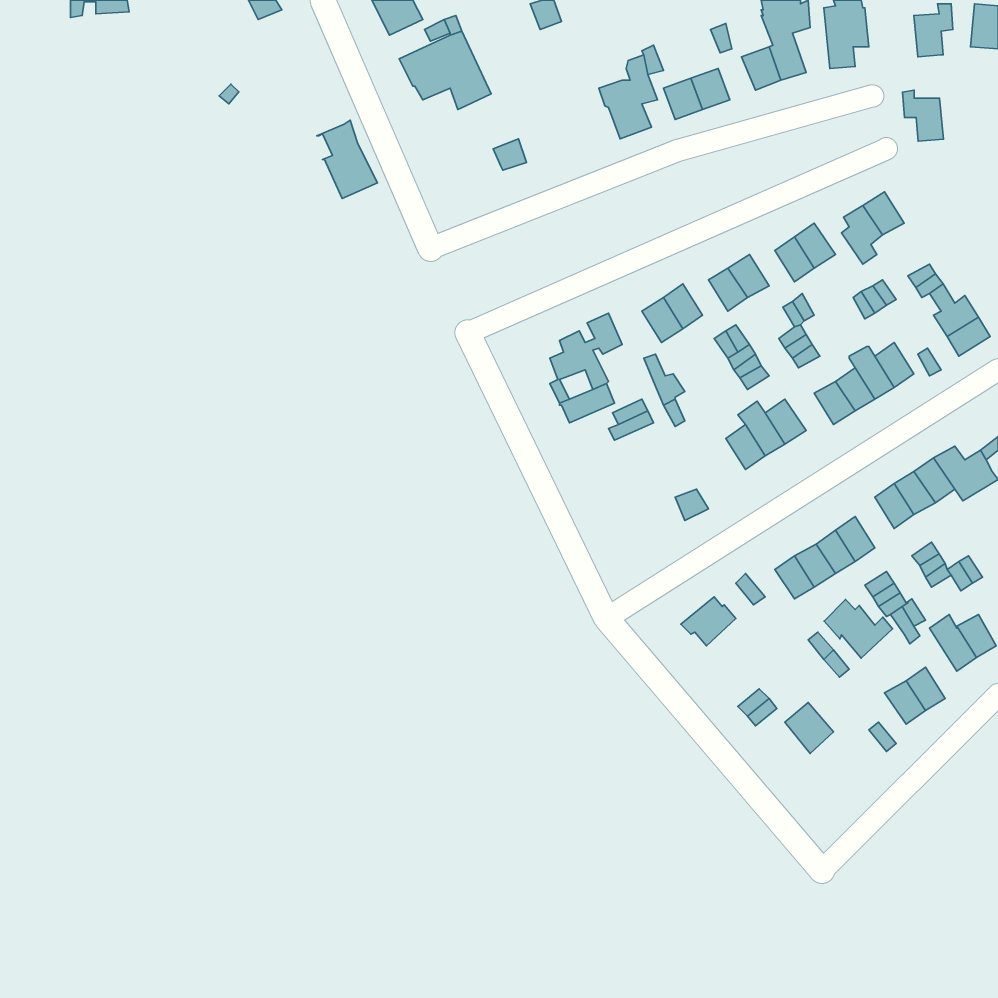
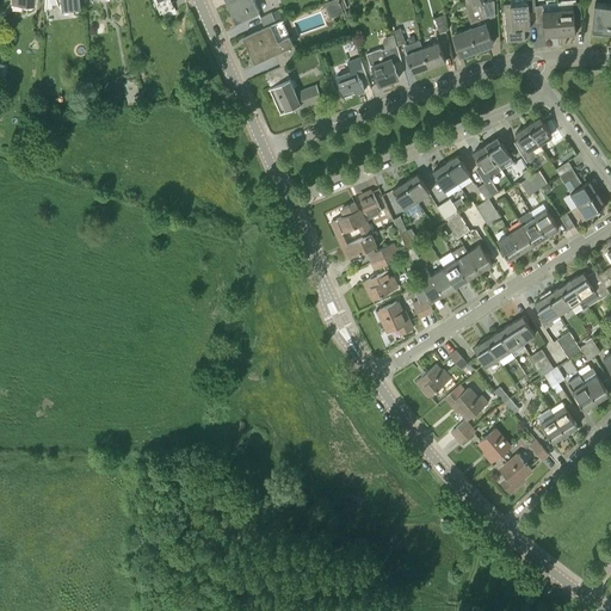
building: [902,90,944,141] -> [535,6,560,37]
building: none -> [335,58,365,98]
building: [317,120,377,199] -> [264,66,301,113]
building: none -> [416,269,455,301]
building: none -> [363,271,396,298]
building: none -> [377,302,411,334]
building: [824,600,893,658] -> [445,384,487,420]
building: none -> [499,455,530,493]

